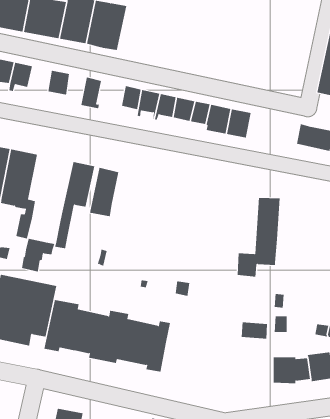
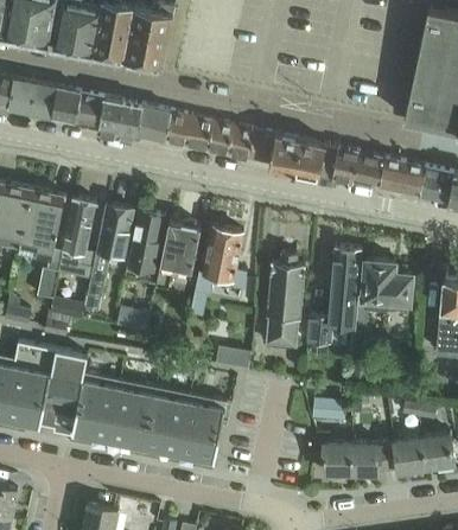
building: none -> [50,89,81,124]
building: none -> [97,98,123,136]
building: none -> [136,107,171,138]
building: none -> [319,146,384,184]
building: none -> [58,198,96,281]
building: none -> [155,221,201,290]
building: none -> [191,226,247,318]
building: none -> [266,254,305,347]
building: none -> [355,260,413,330]
building: none -> [316,434,351,475]

